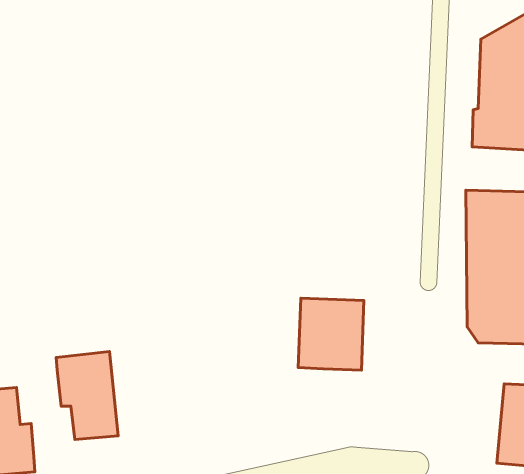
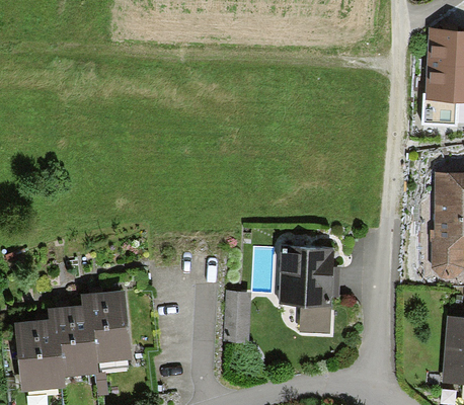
building: none -> [222,290,250,341]
building: none -> [298,304,330,331]
building: none -> [48,305,97,376]

